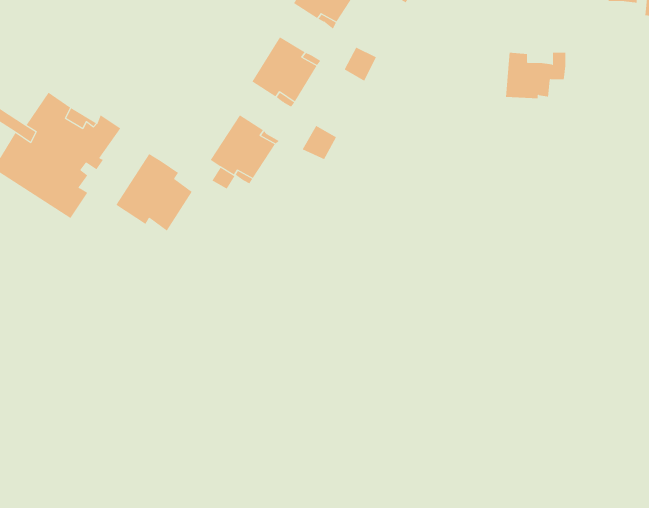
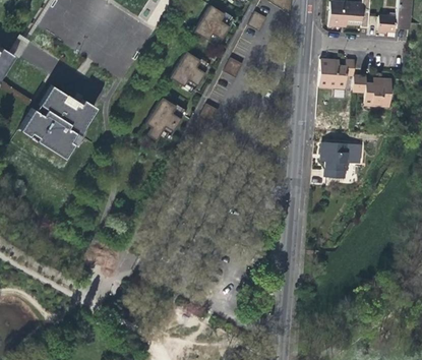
building: none -> [352,75,393,106]
building: [116,153,193,232] -> none
building: none -> [321,138,361,174]

